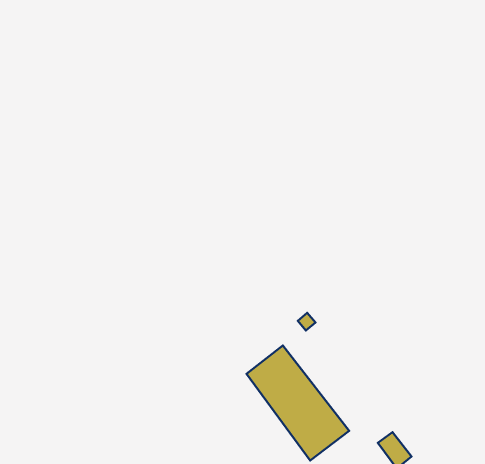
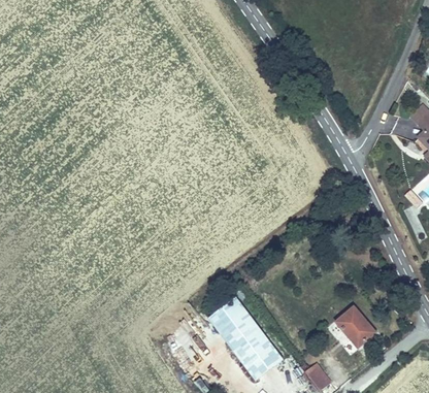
building: none -> [335,307,378,352]

